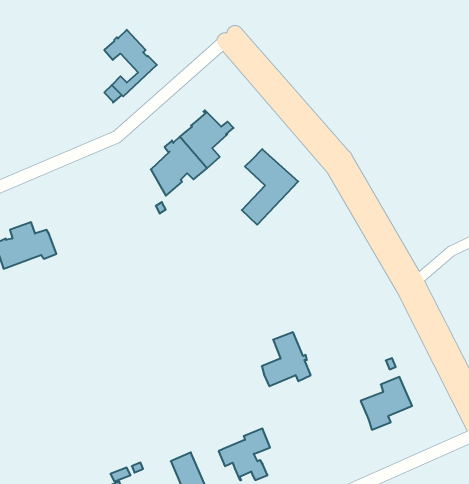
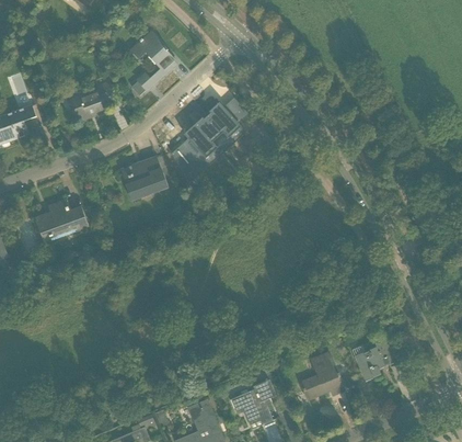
building: none -> [69,86,115,123]
building: [242,149,298,225] -> none
building: none -> [122,157,169,202]
building: [262,332,311,386] -> [300,352,343,399]

